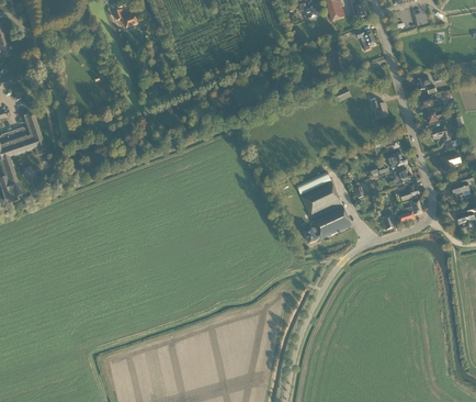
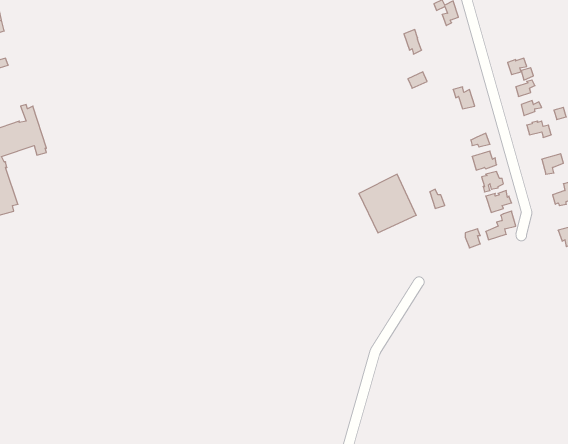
building: [302,204,350,242] -> none

